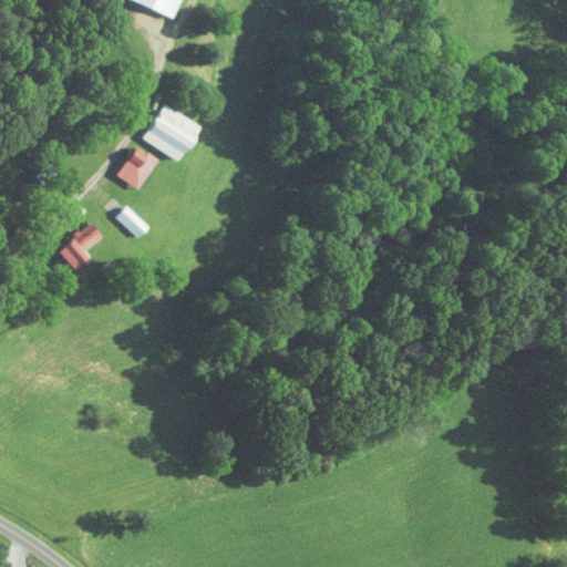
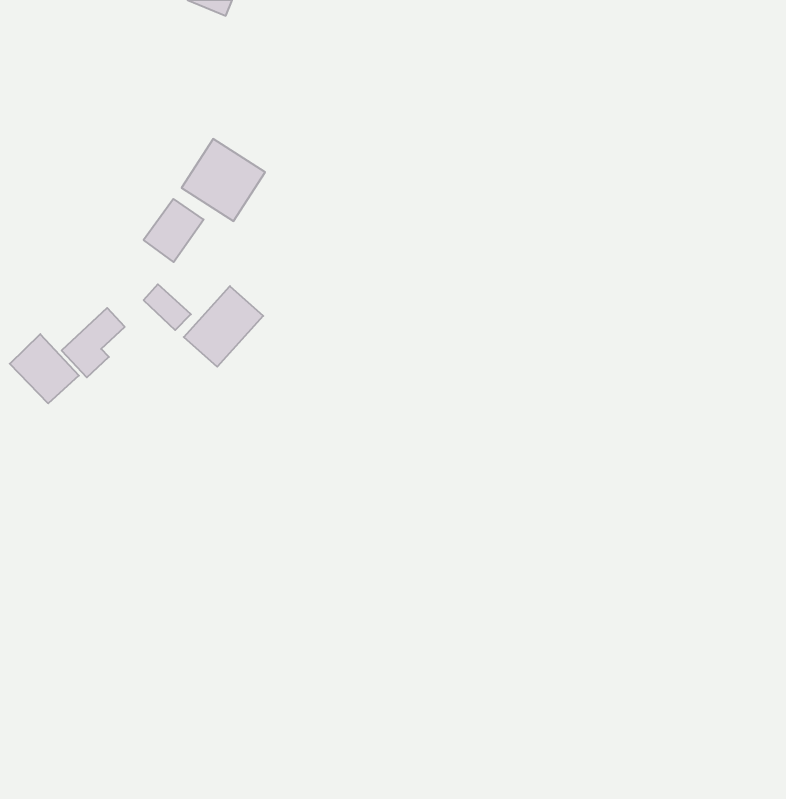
building: none -> [184,286,263,367]
building: none -> [10,334,79,403]

